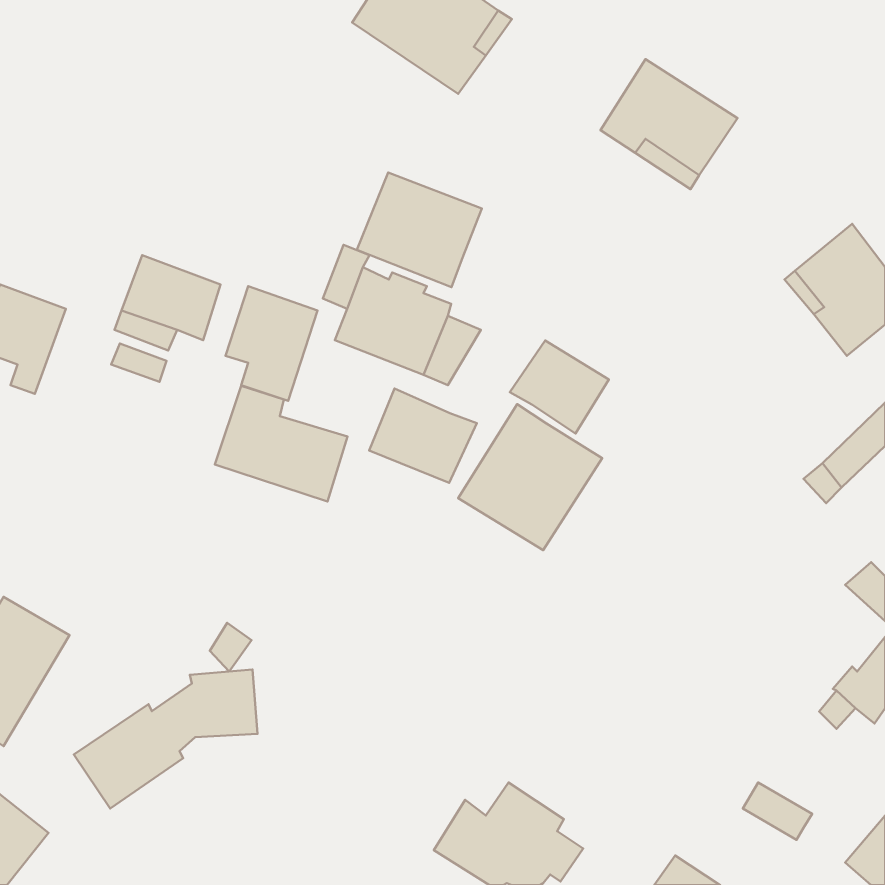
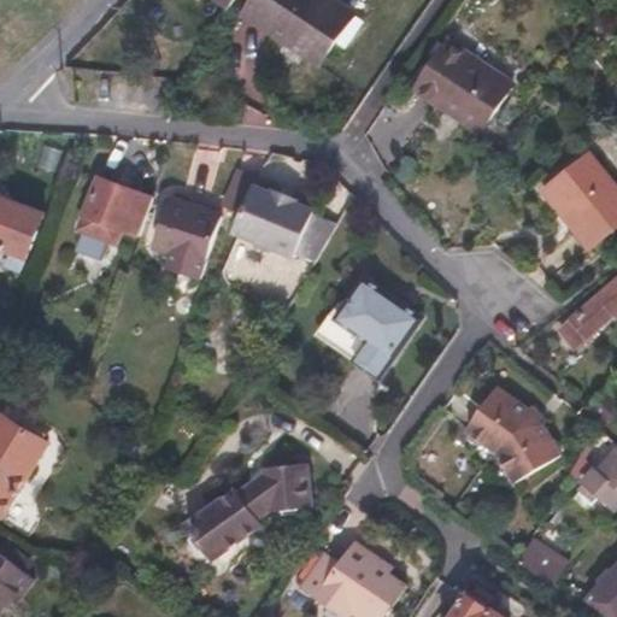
building: [357,173,482,287] -> none
building: [510,341,609,433] -> none
building: [215,386,347,501] -> none
building: [369,389,477,483] -> none
building: none -> [453,374,557,475]
building: [74,670,258,808] -> [182,462,310,558]

